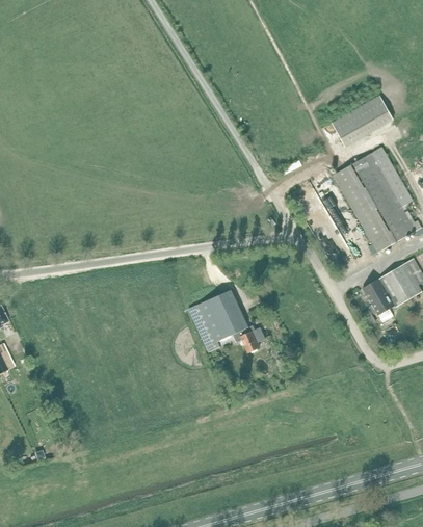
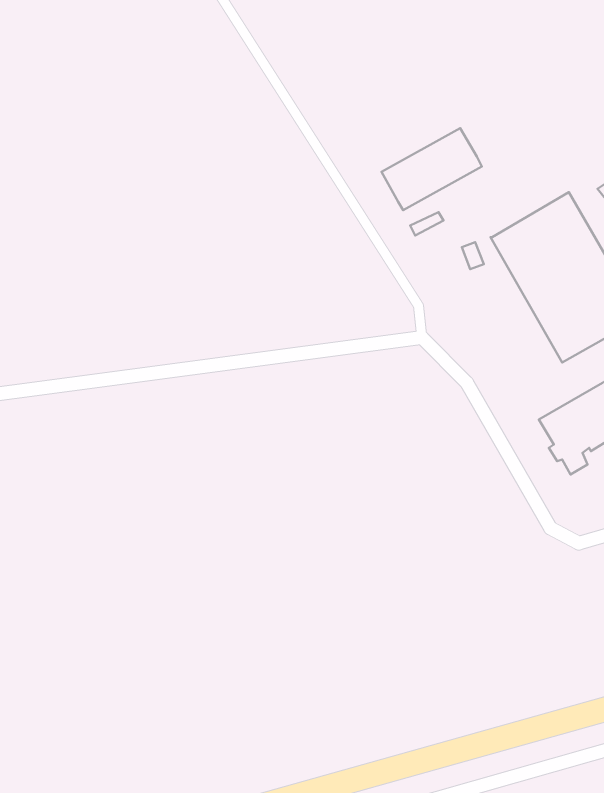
building: [331,95,393,146] -> [382,128,482,210]
building: [191,288,264,351] -> none

